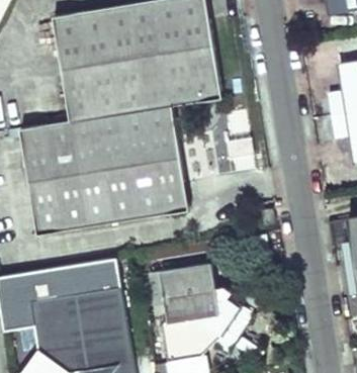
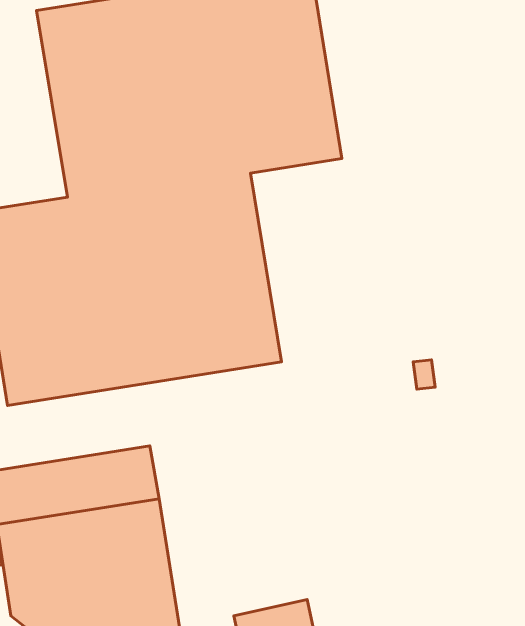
building: [159,263,252,352] -> none

